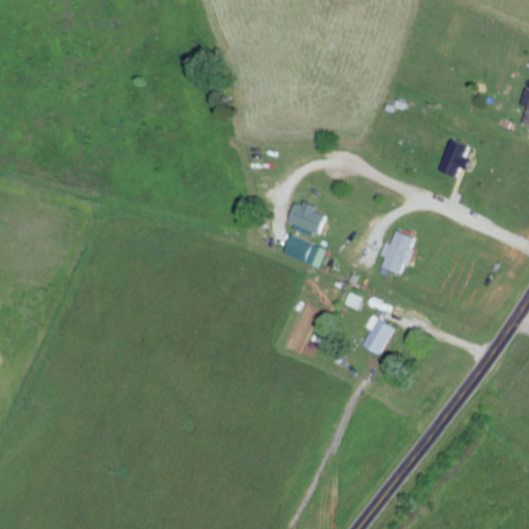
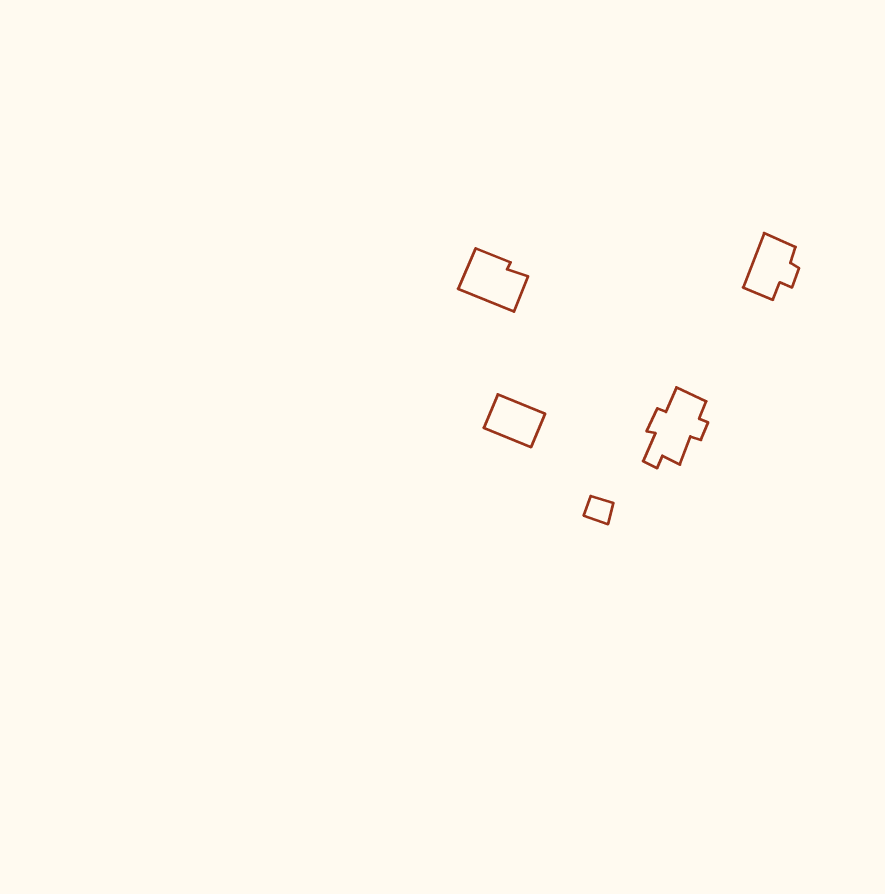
building: [286,199,328,237] -> [458,248,528,312]
building: [364,315,396,354] -> none

